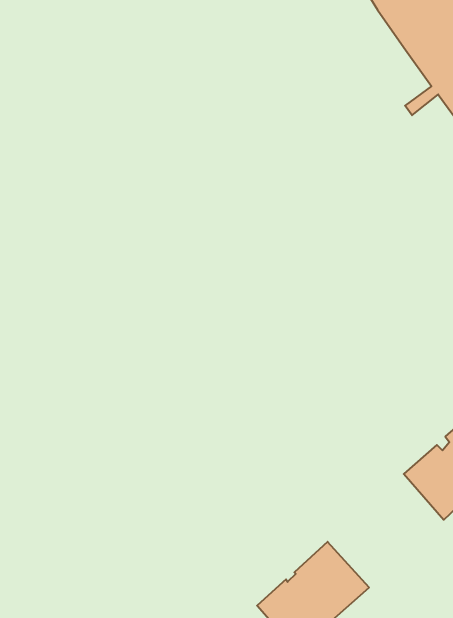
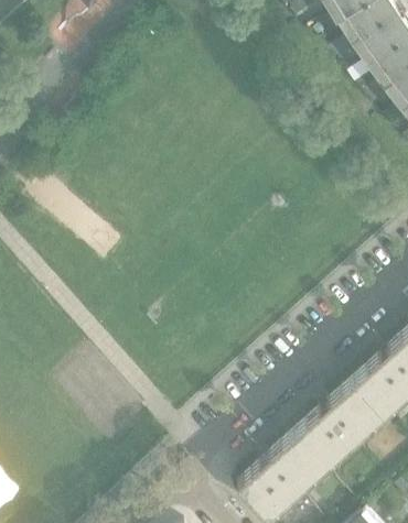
building: none -> [292,380,385,470]

